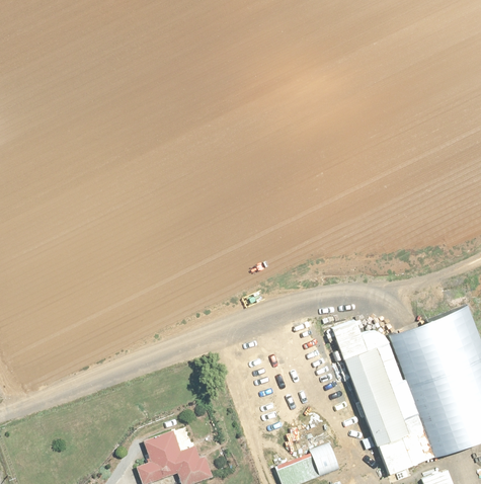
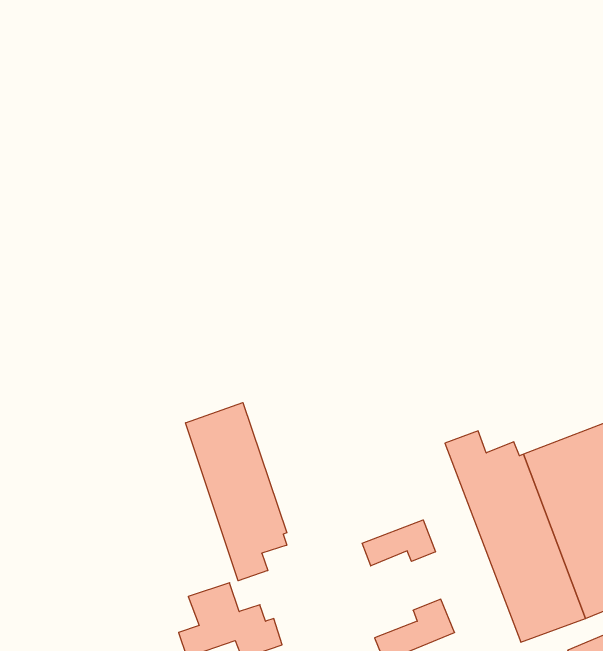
building: none -> [186,403,287,581]
building: none -> [362,520,435,566]

